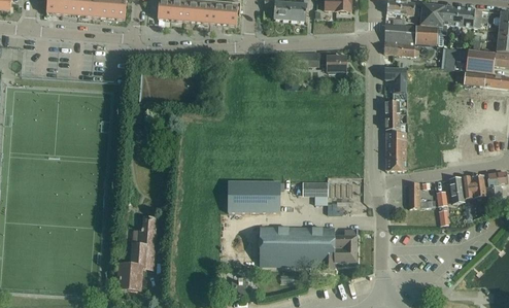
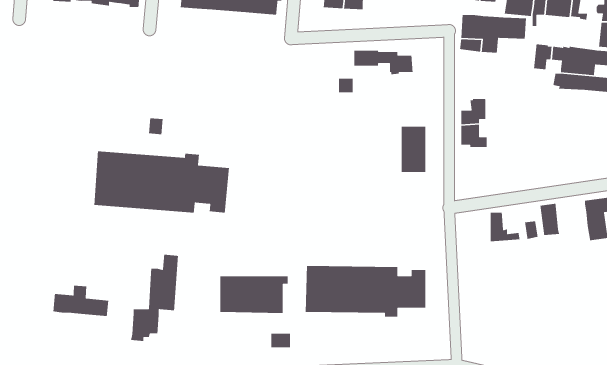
building: [384,68,406,93] -> none
building: [385,132,406,170] -> [401,126,426,173]
building: none -> [93,151,230,214]
building: [462,174,486,199] -> none
building: [228,181,283,212] -> [220,275,289,314]
building: [303,181,328,203] -> none
building: none -> [52,285,109,317]

